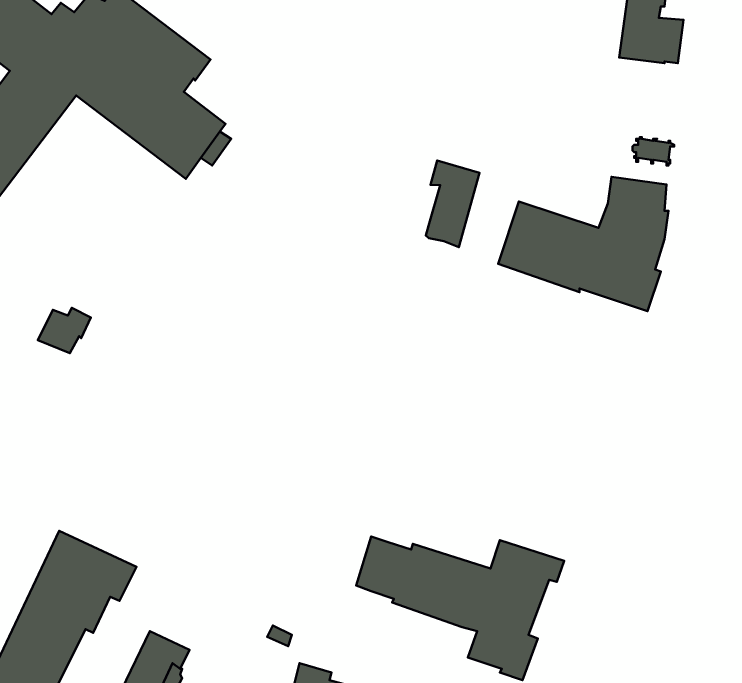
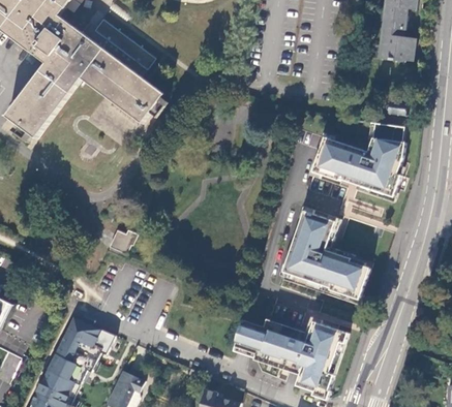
building: [426,161,480,247] -> none
building: [38,308,91,353] -> [107,228,135,253]
building: none -> [283,210,370,299]

